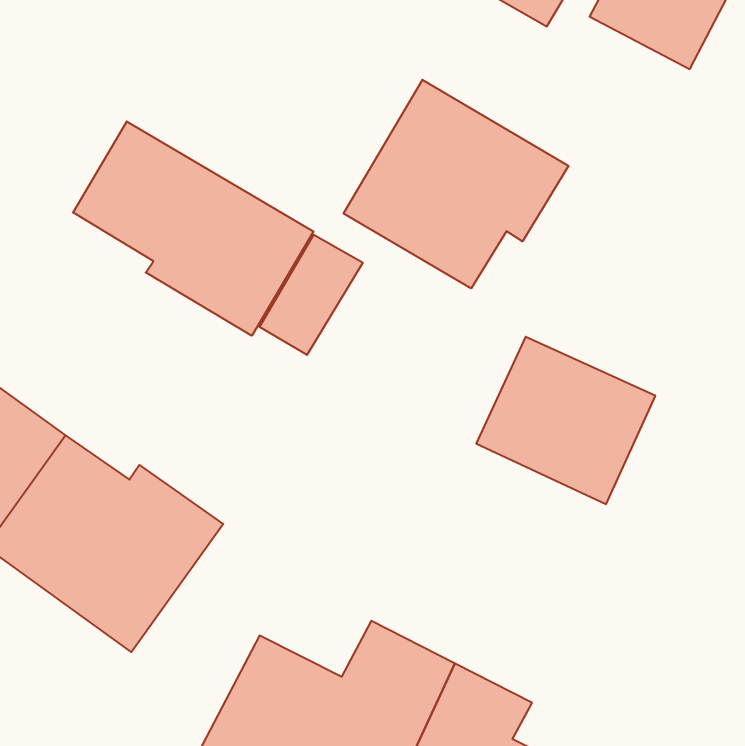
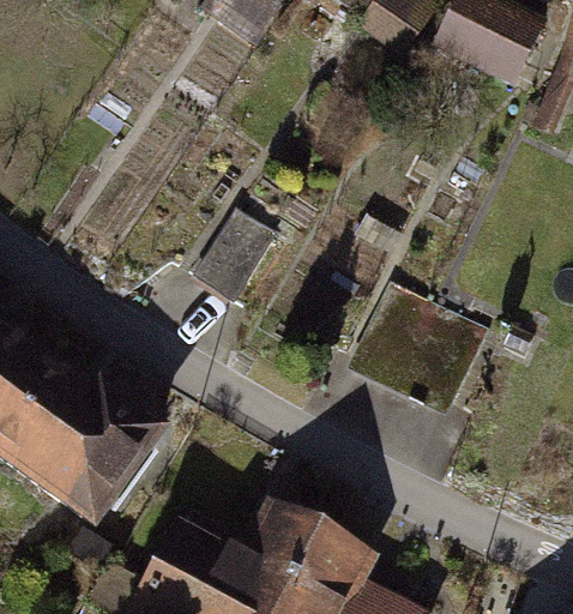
building: [344,80,568,288] -> none
building: [73,121,313,336] -> none

